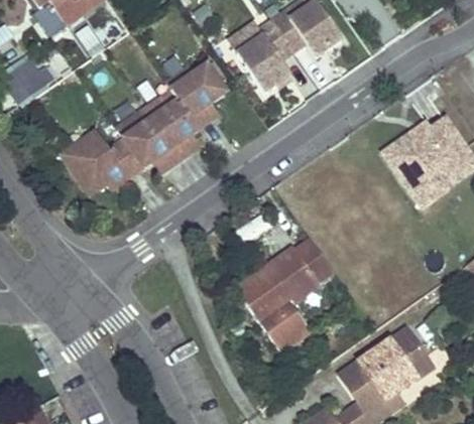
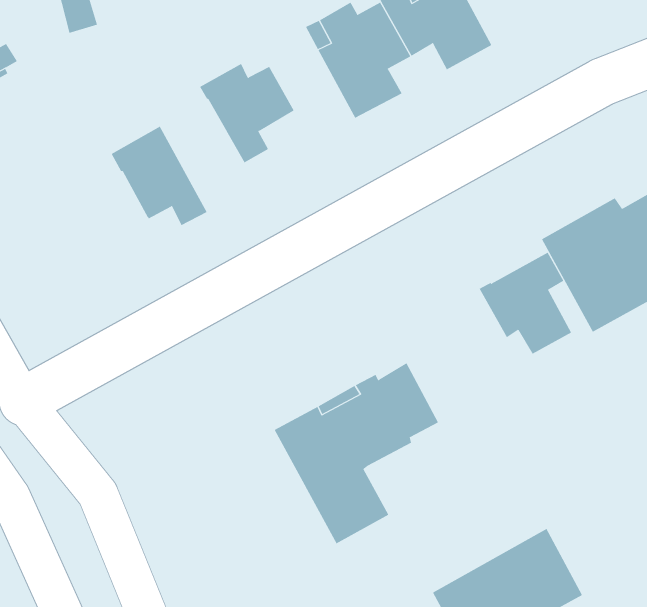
building: [146,90,201,158] -> none
building: [64,131,144,193] -> none
building: none -> [479,252,572,355]

